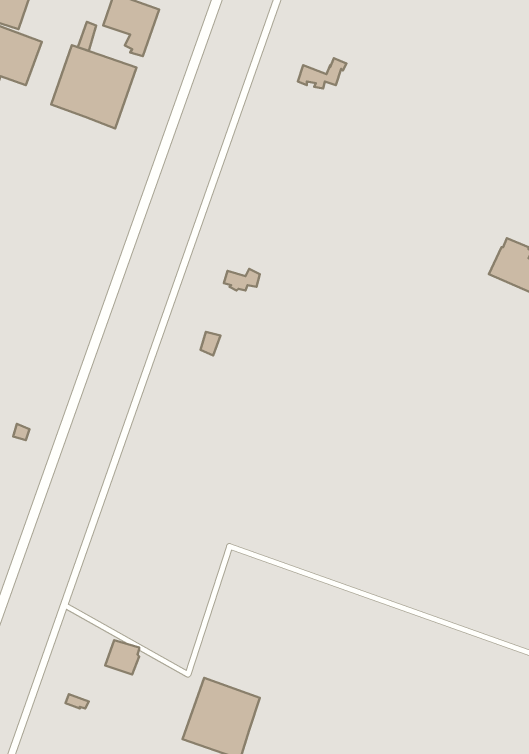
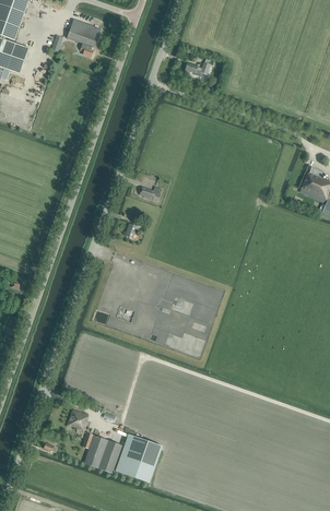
building: [51,45,137,128] -> none
building: none -> [81,432,121,473]

